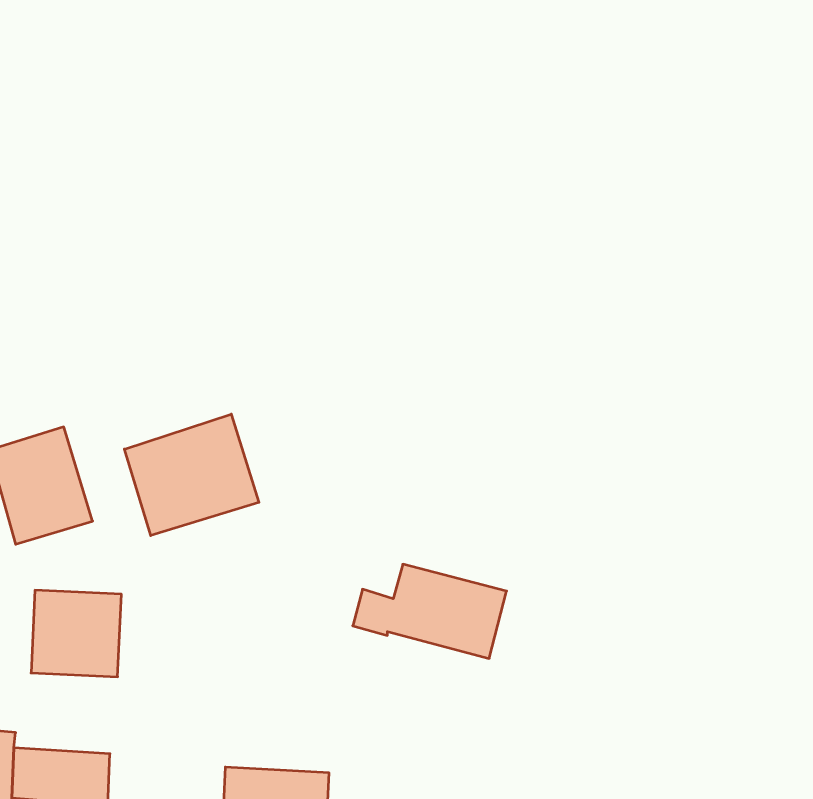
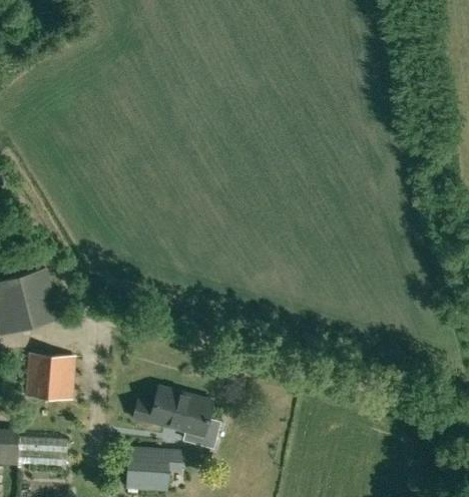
building: [124,414,259,536] -> none
building: [353,564,507,658] -> [131,387,211,436]

